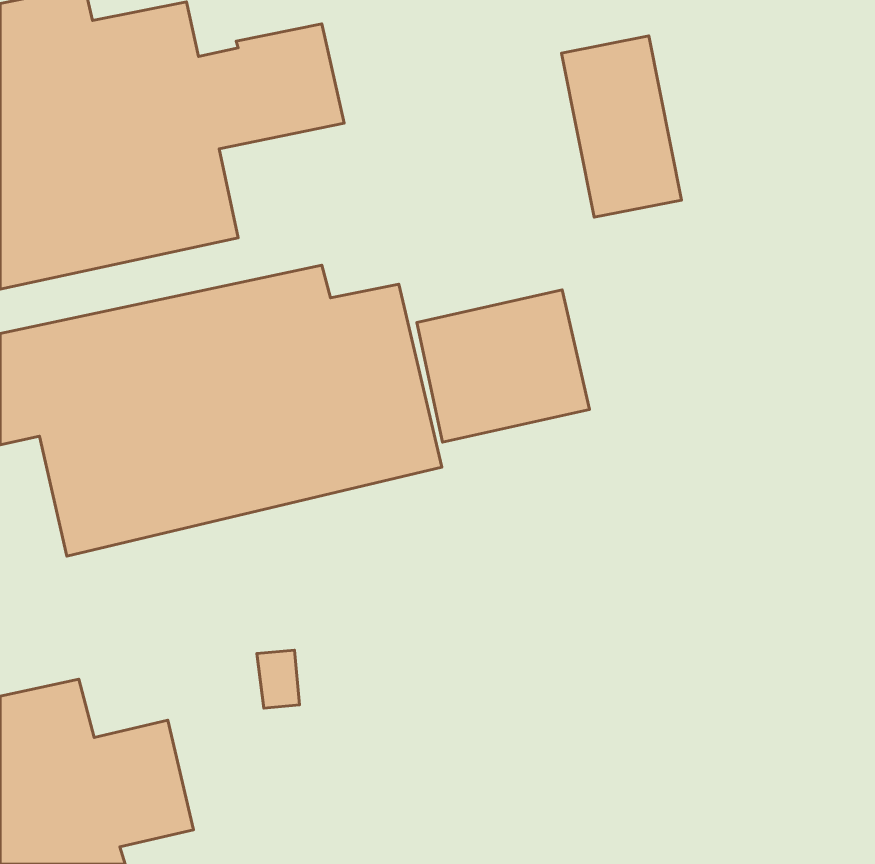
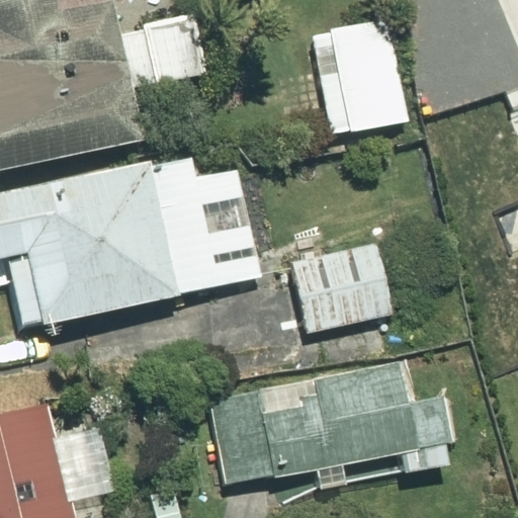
building: [417,290,590,442] -> [289,243,392,333]
building: none -> [208,363,448,483]

